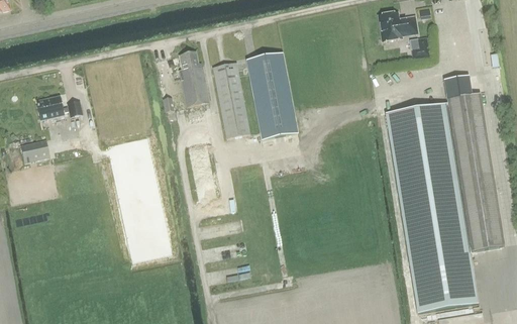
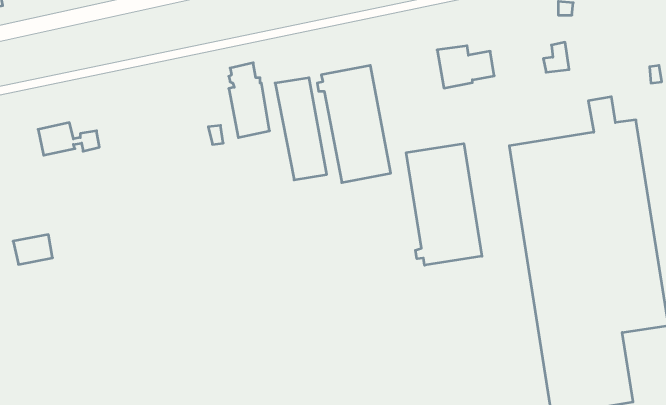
building: [377,9,419,40] -> [437,46,494,88]
building: none -> [406,144,482,265]
building: [20,138,49,160] -> [13,235,53,264]

